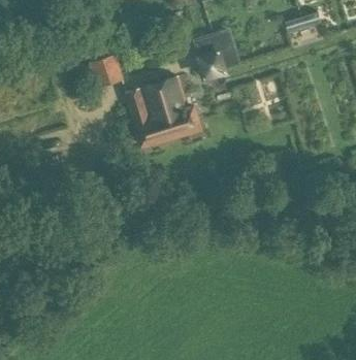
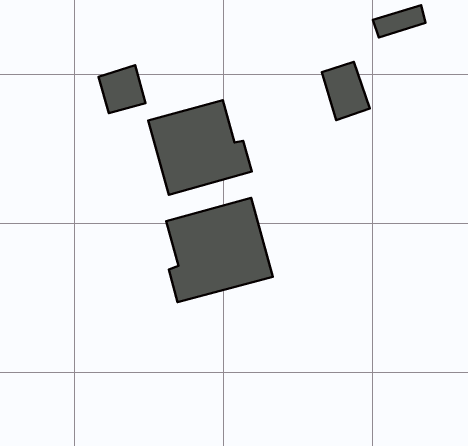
building: [198,34,232,75] -> [322,62,370,120]
building: none -> [166,198,273,302]

